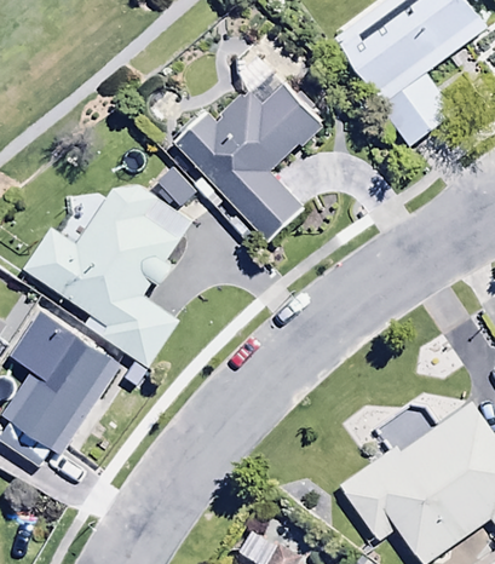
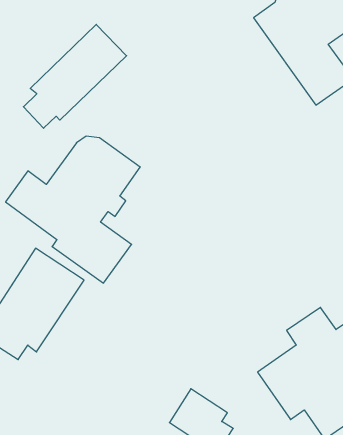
building: none -> [23,24,127,128]
building: [173,84,320,242] -> none

